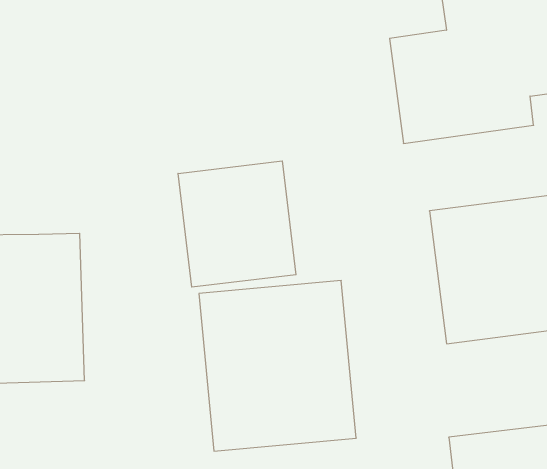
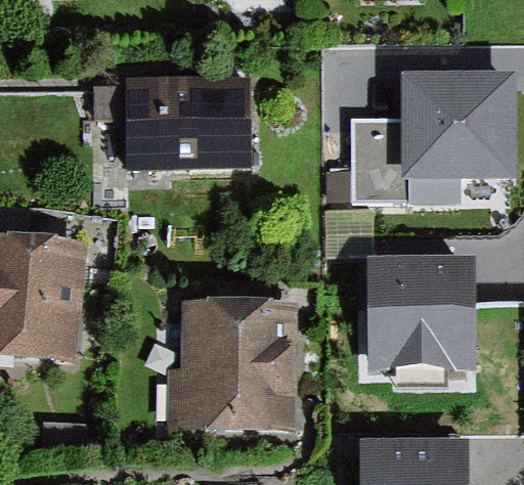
building: none -> [129,78,251,167]
building: [178,161,296,287] -> none

